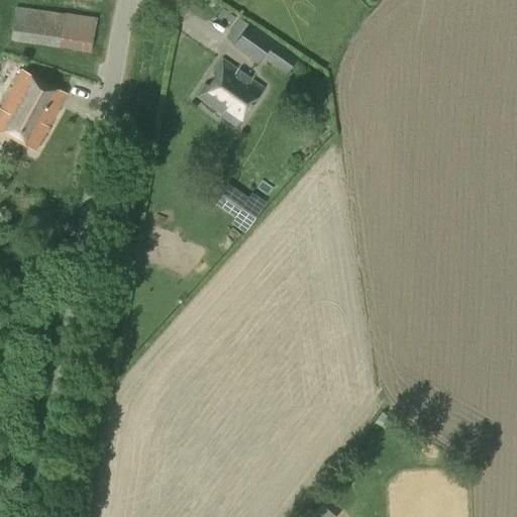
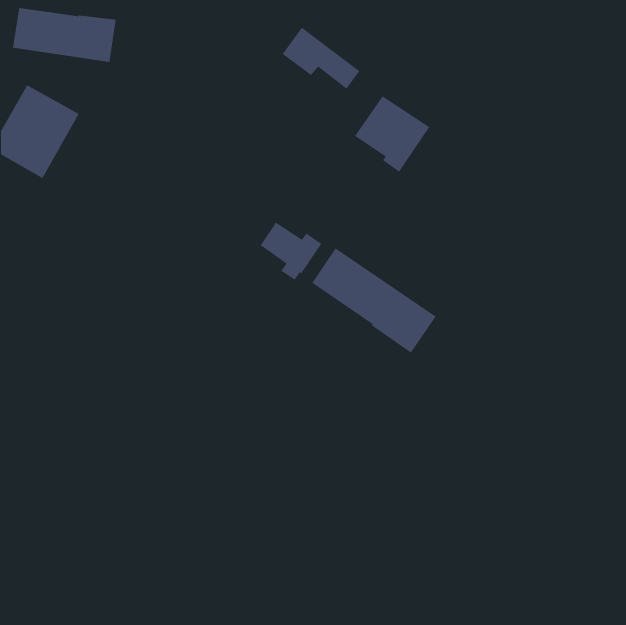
building: [200,61,263,124] -> [354,95,430,173]
building: none -> [311,247,437,354]

